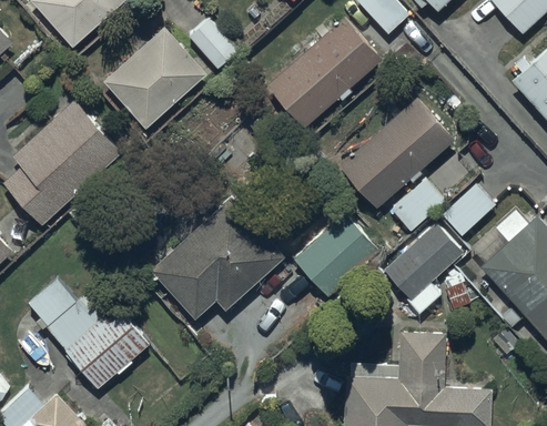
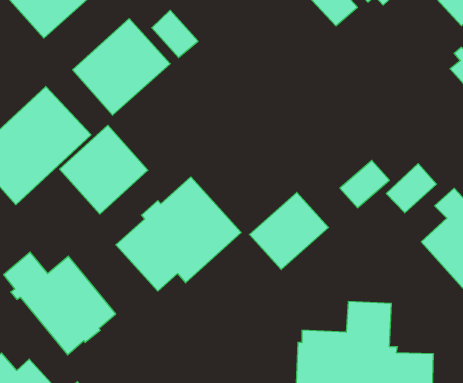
building: [267,17,383,128] -> none
building: [338,97,455,209] -> none
building: none -> [60,125,148,214]
building: [381,222,465,315] -> none

